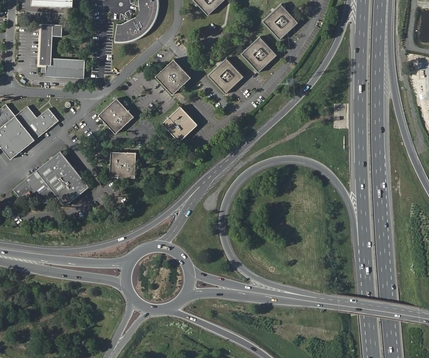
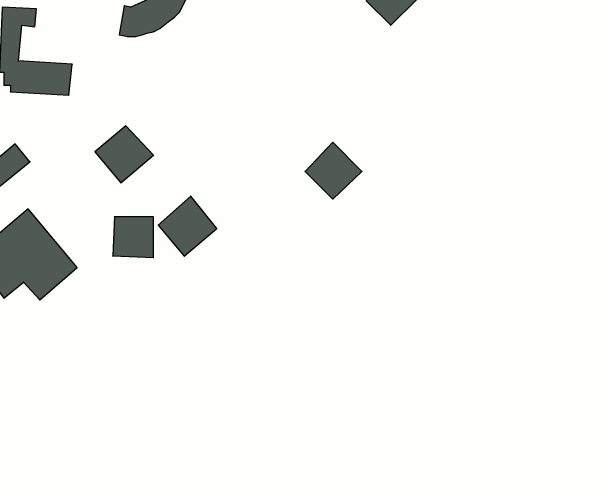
building: [241,37,277,73] -> none
building: [209,59,244,94] -> [305,142,362,199]
building: [155,60,191,96] -> none
building: [161,103,197,140] -> [158,196,217,256]

